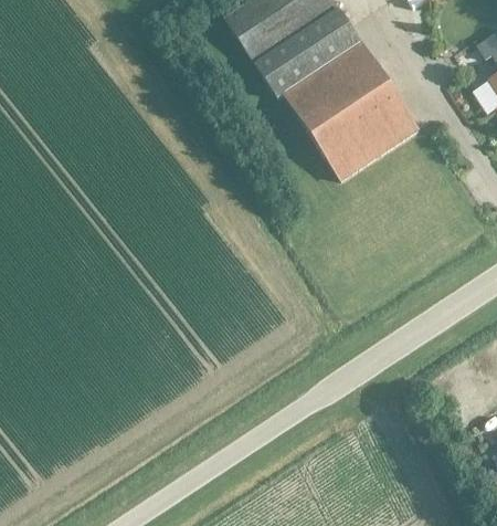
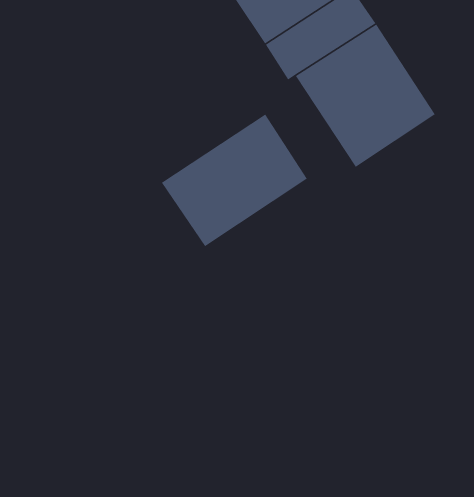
building: none -> [161,113,308,247]

